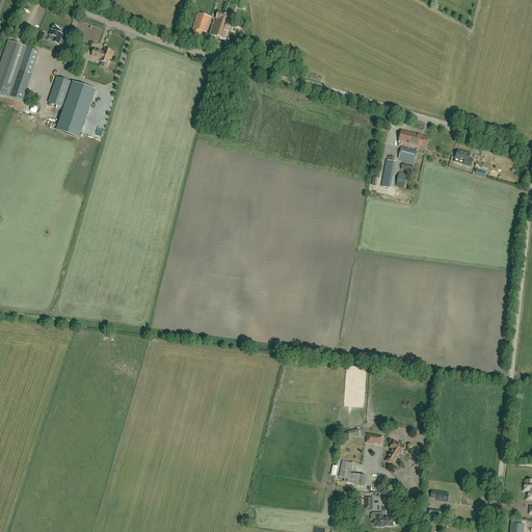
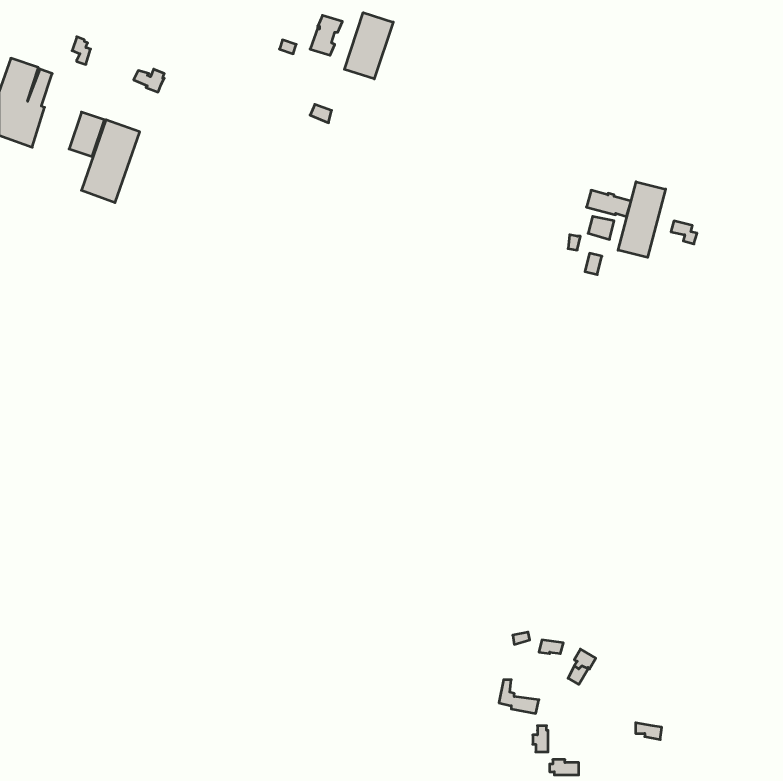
building: none -> [344,13,393,79]
building: none -> [618,182,666,257]

